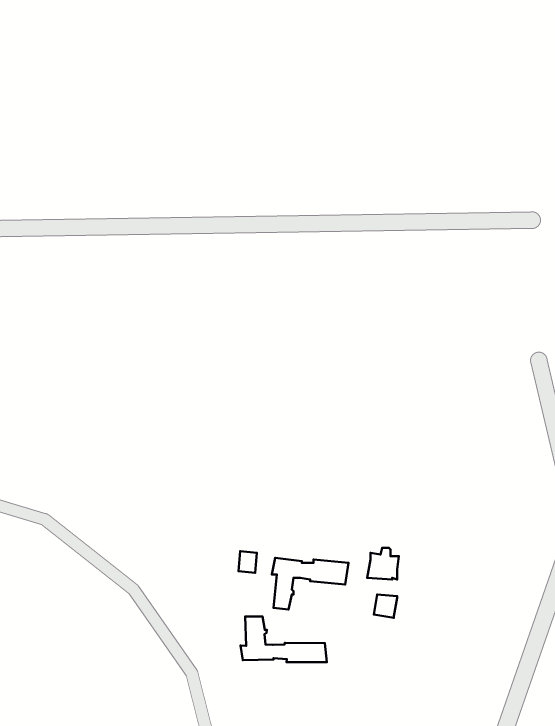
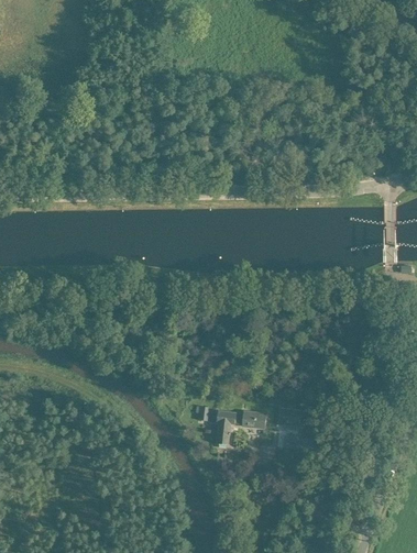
building: [240,616,327,662] -> none

